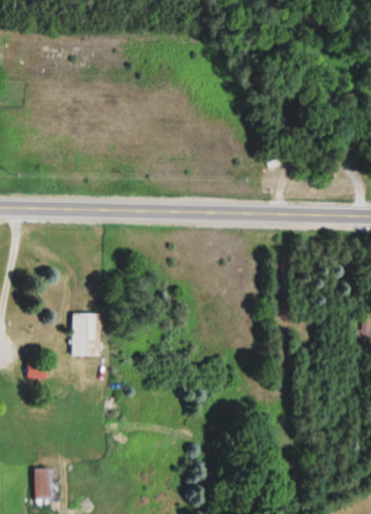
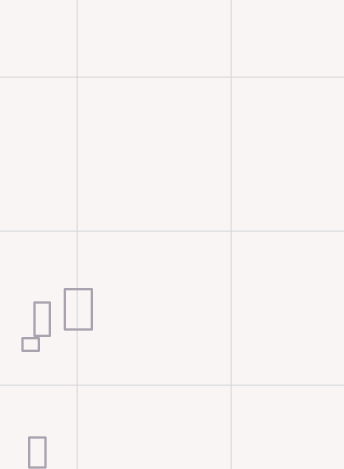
building: none -> [34,302,50,336]

